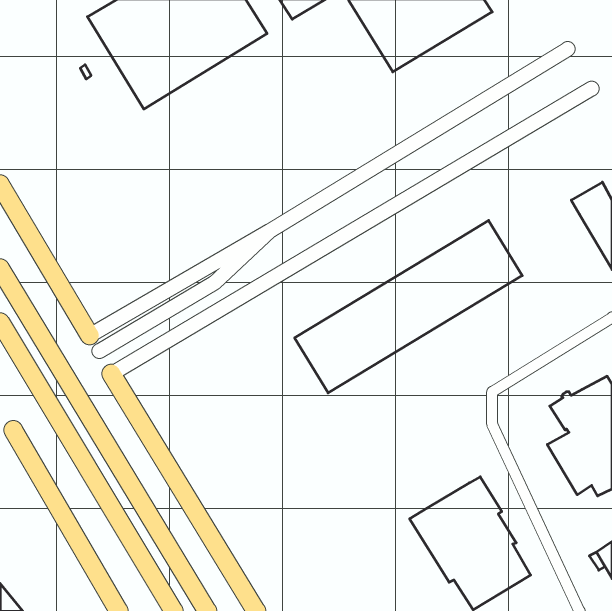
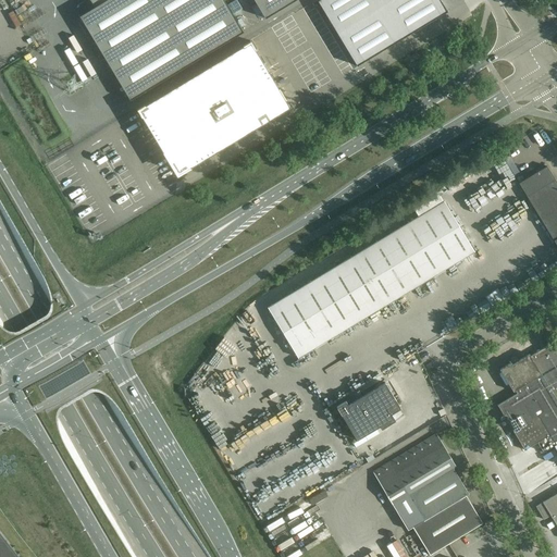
building: none -> [138,41,289,174]
building: none -> [336,382,400,440]

